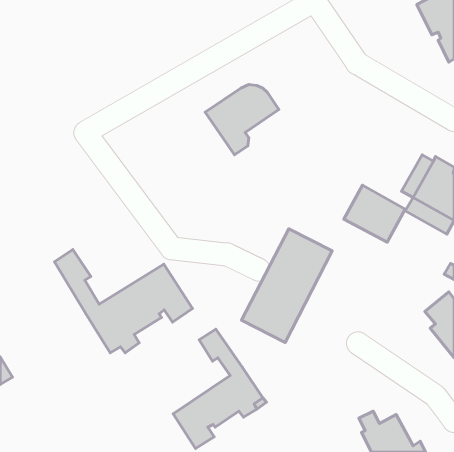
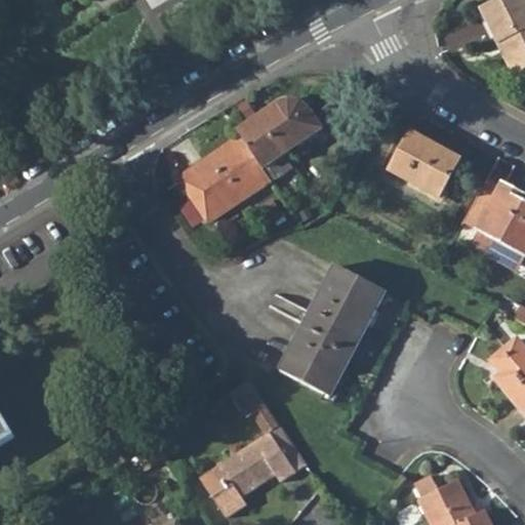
building: none -> [179,135,271,220]
building: [344,185,405,242] -> [390,130,460,196]
building: [55,249,193,353] -> none

